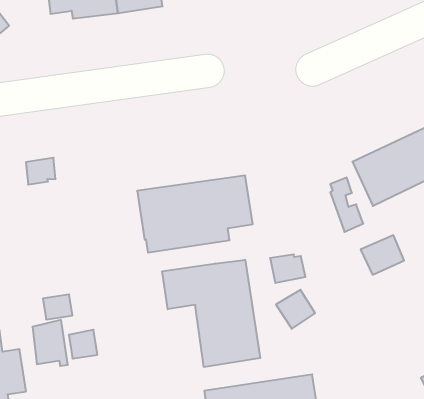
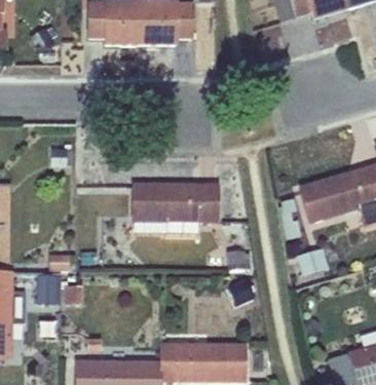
building: [162,260,260,367] -> none

